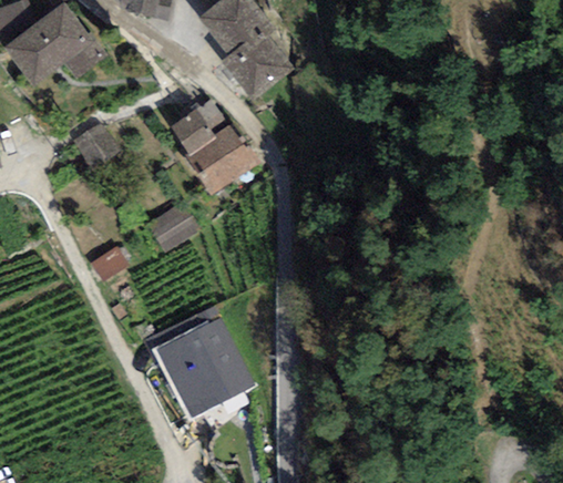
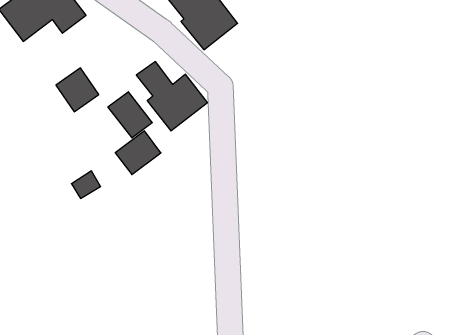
building: none -> [108,92,152,138]
building: [160,317,254,414] -> none

